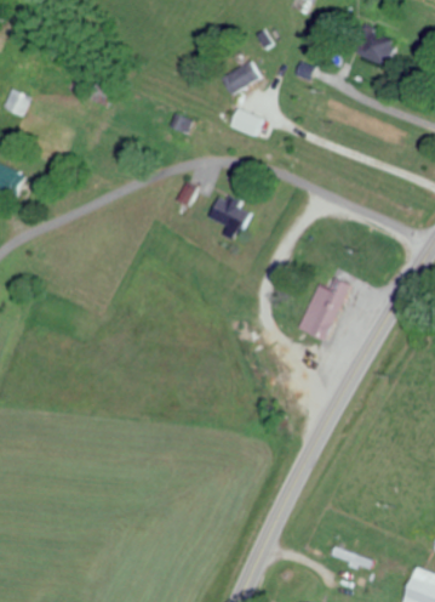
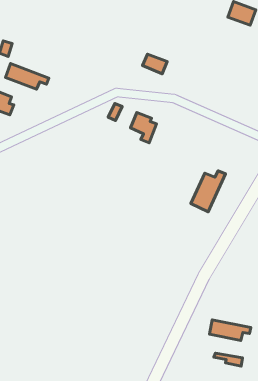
building: [217,59,258,95] -> none
building: none -> [6,64,49,89]
building: none -> [210,320,251,340]

